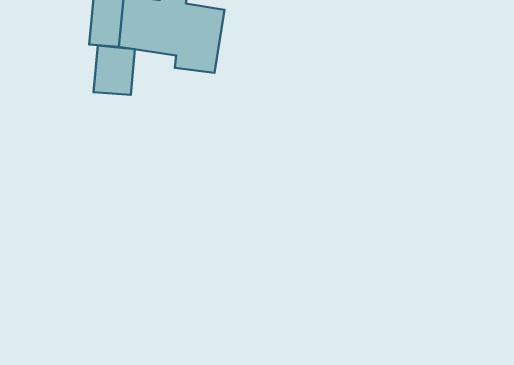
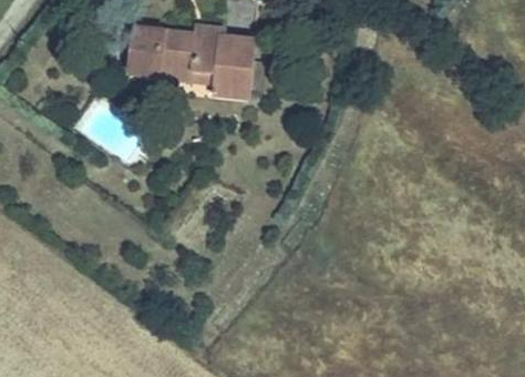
building: [94,46,135,95] -> none

